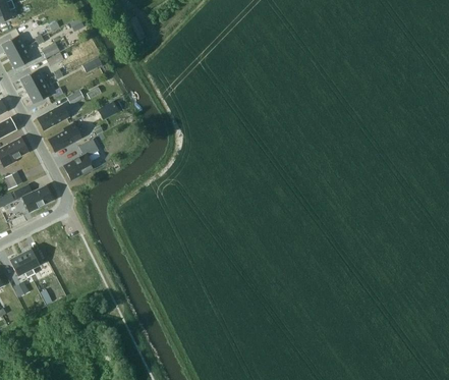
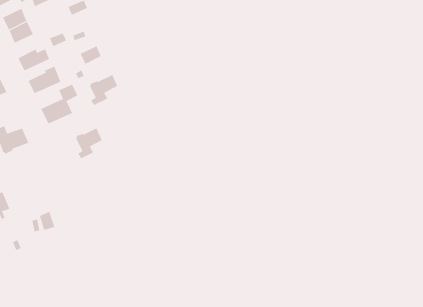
building: none -> [89,74,118,106]
building: none -> [75,128,102,159]

